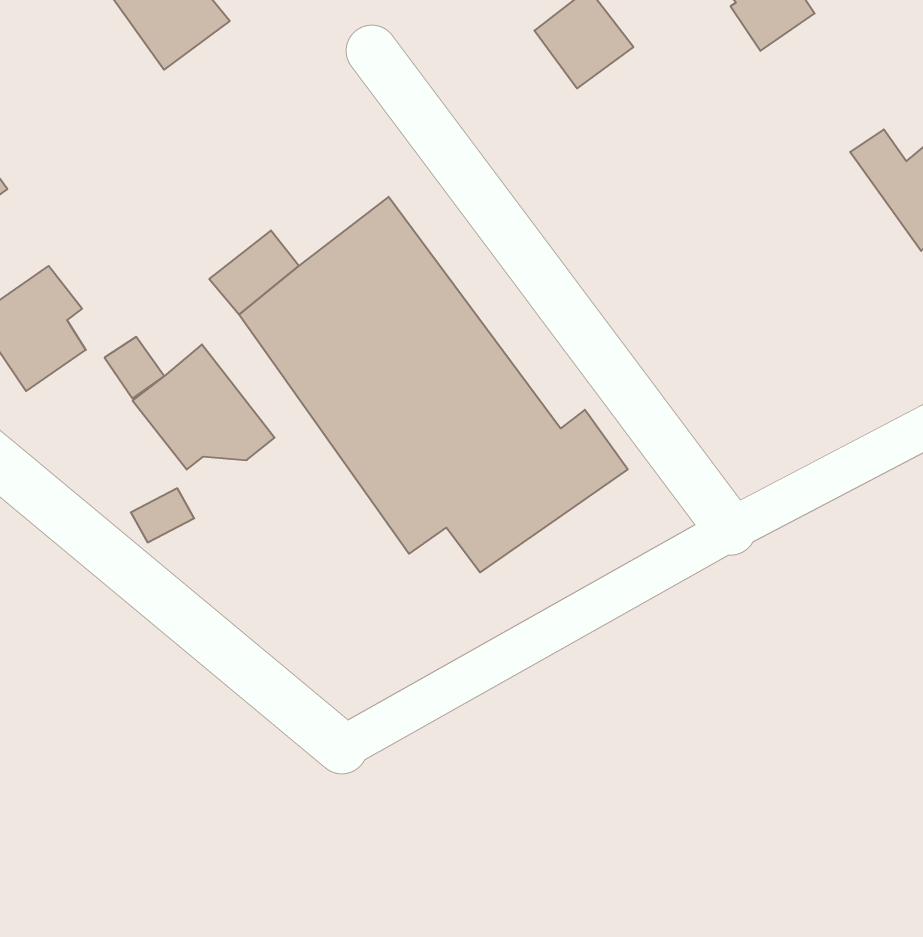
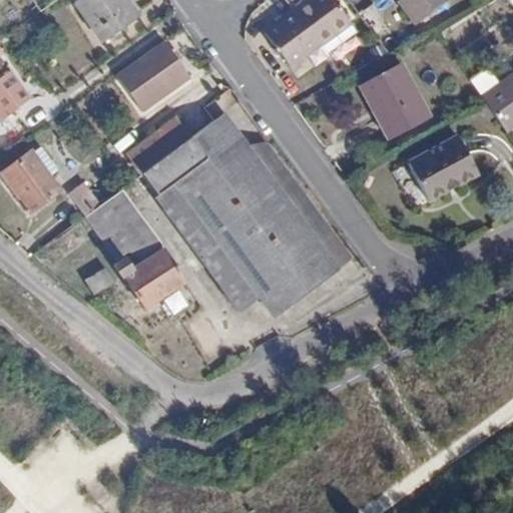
building: none -> [271,19,323,72]
building: none -> [113,40,184,108]
building: none -> [362,69,432,141]
building: none -> [409,142,481,208]
building: none -> [110,247,182,305]

